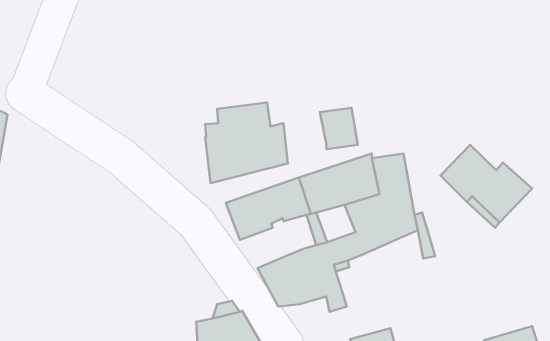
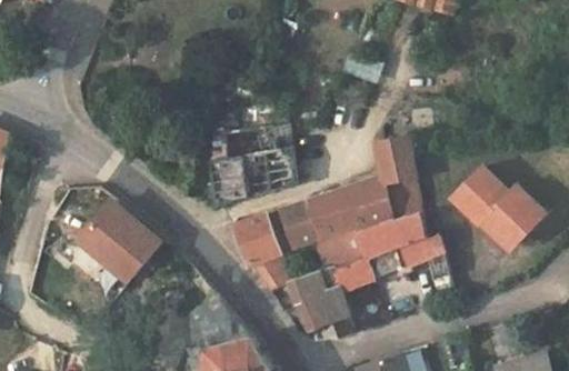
building: [320,108,358,149] -> [375,138,413,180]
building: none -> [74,202,156,282]
building: none -> [247,241,296,292]

